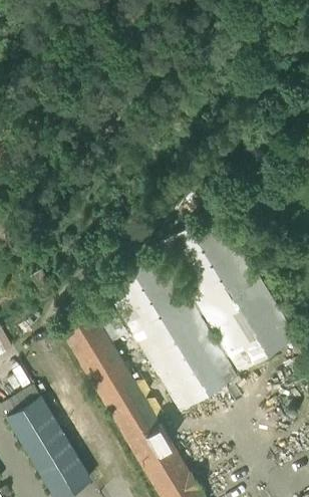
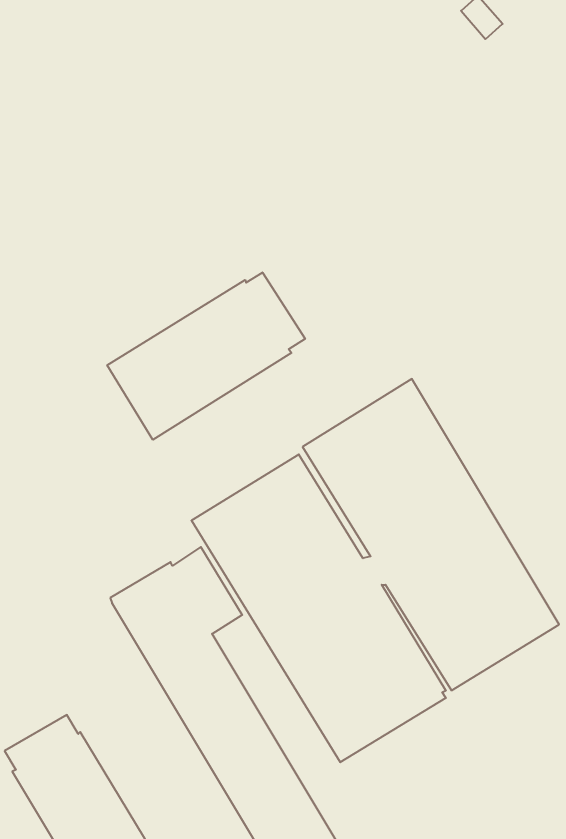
building: none -> [107,272,305,440]

